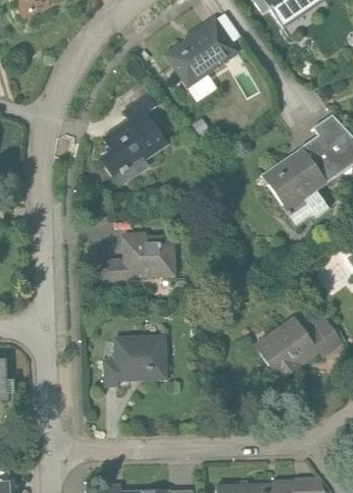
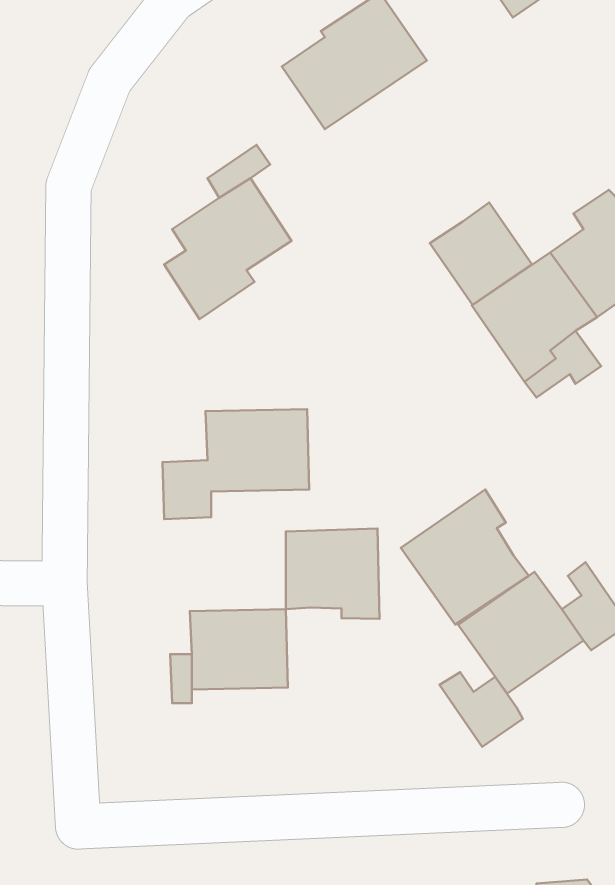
building: none -> [430,203,532,305]
building: none -> [401,489,529,624]
building: none -> [286,529,379,619]
building: none -> [439,672,523,747]

